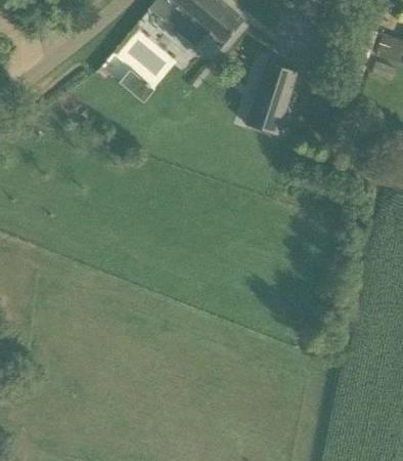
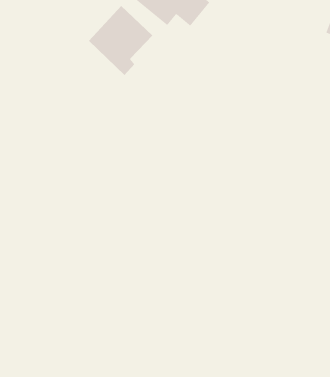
building: [245,61,299,134] -> none

